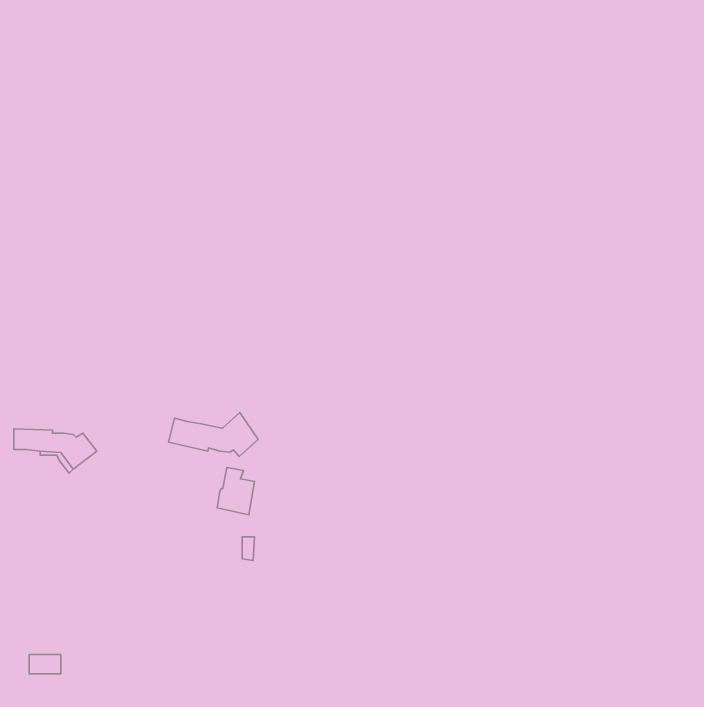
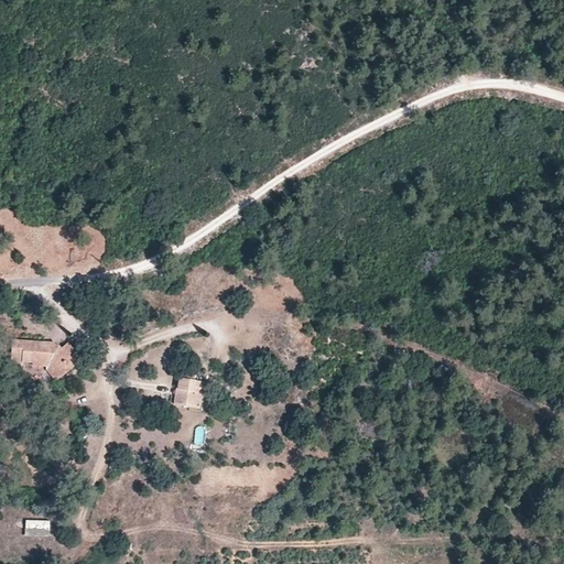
building: [169,412,258,456] -> none

